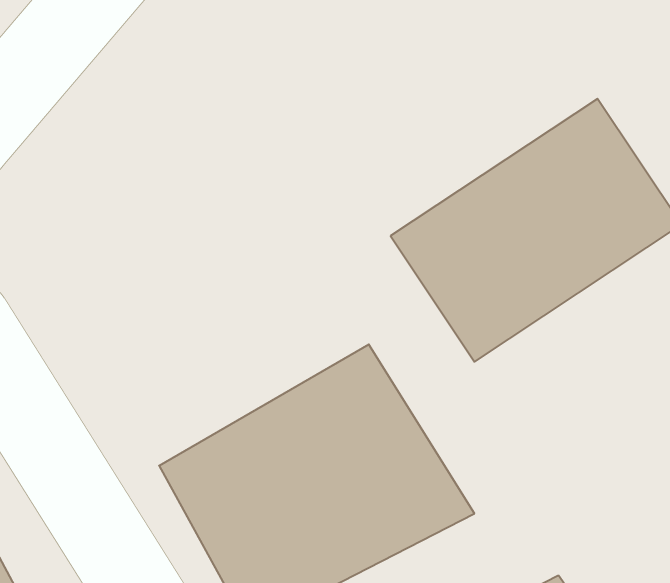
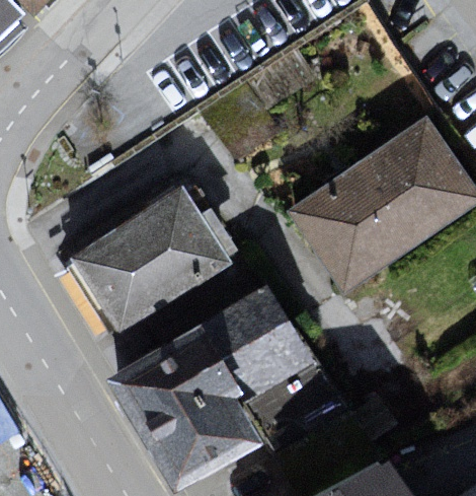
building: none -> [70,189,232,335]

